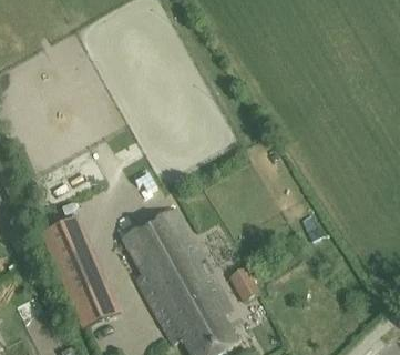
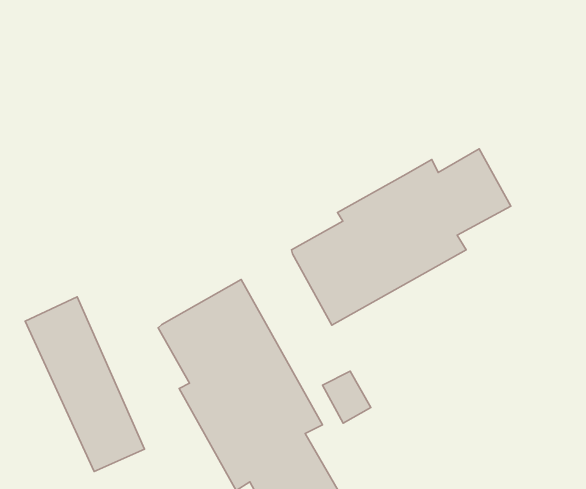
building: none -> [292,149,511,325]

